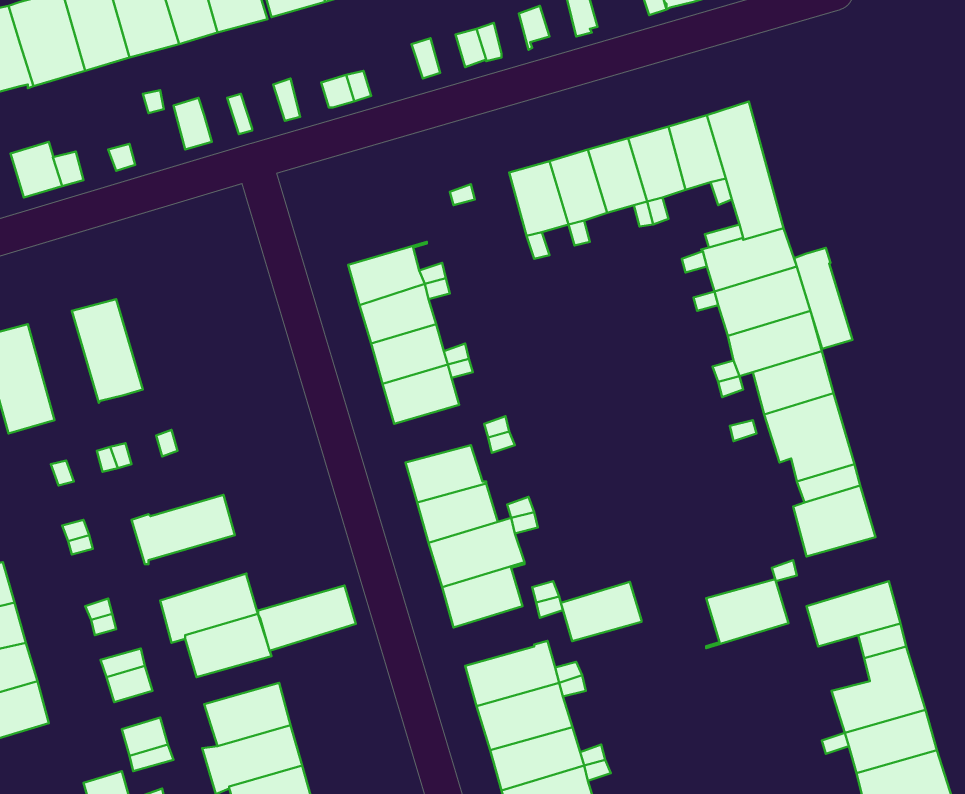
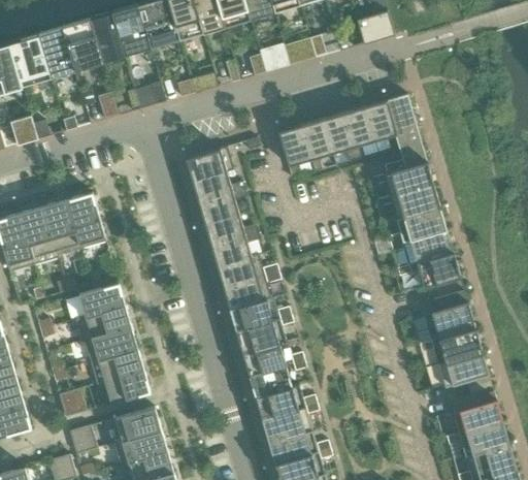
building: none -> [185,147,233,182]
building: [794,248,853,349] -> none
building: none -> [66,193,105,249]
building: none -> [19,206,59,265]
building: none -> [216,257,257,288]
building: none -> [77,283,124,317]
building: [706,579,789,648] -> [437,328,482,365]
building: [561,582,641,641] -> [248,365,291,397]
building: [258,586,356,651] -> [84,327,136,362]

